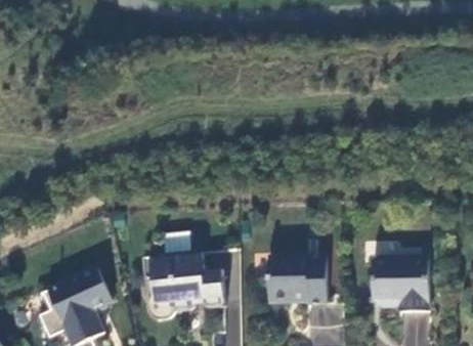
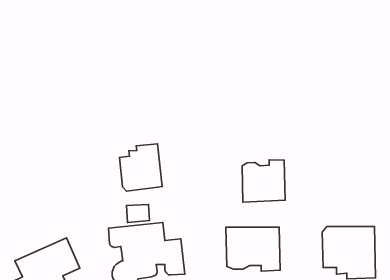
building: none -> [120,144,162,191]
building: none -> [242,160,285,202]

